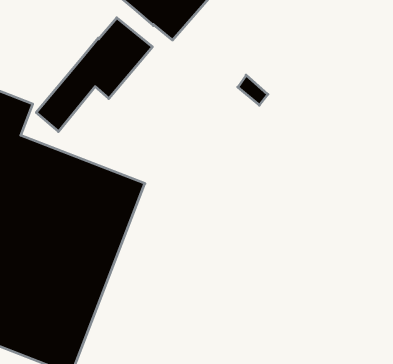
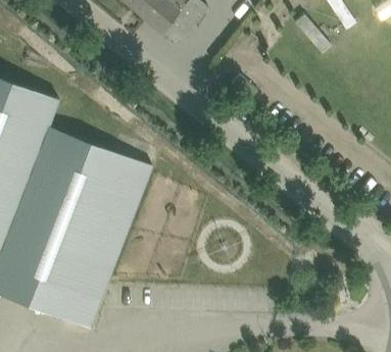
building: [36,18,152,132] -> none

